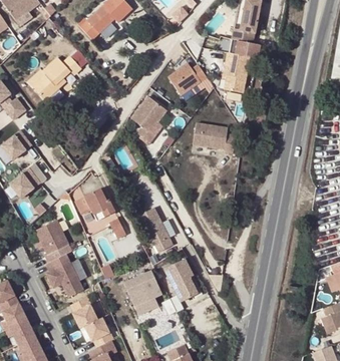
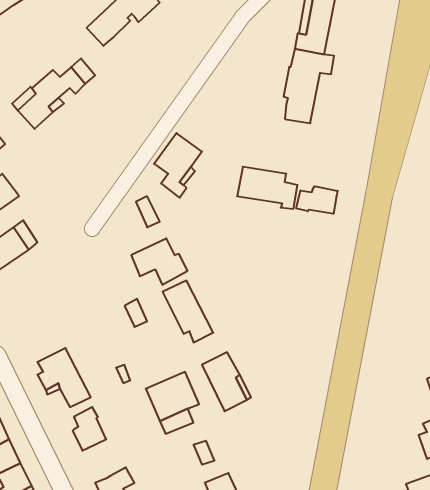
building: [165,67,205,99] -> none
building: none -> [296,186,338,214]
building: [75,190,115,223] -> [131,238,188,285]
building: [36,220,70,255] -> none
building: [83,318,113,346] -> none

